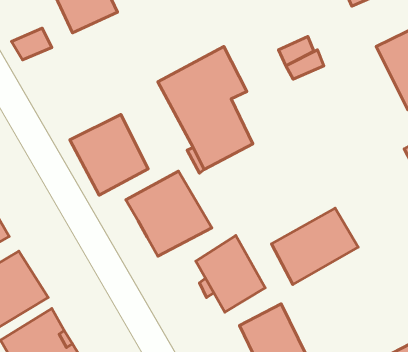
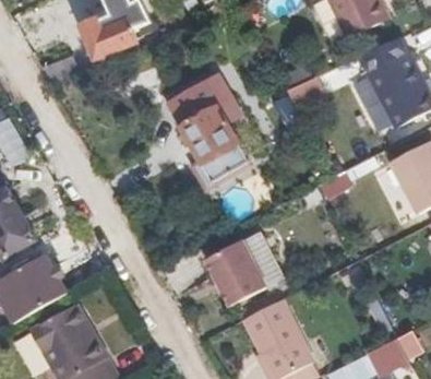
building: [70,115,148,195] -> none
building: [126,171,212,256] -> none
building: [271,208,358,284] -> none

